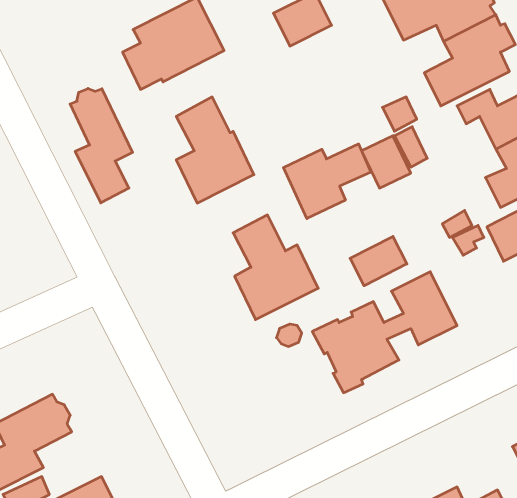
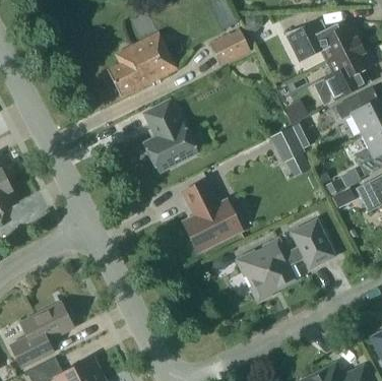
building: [70,88,133,203] -> none
building: [283,144,371,219] -> none
building: [350,236,407,286] -> none

